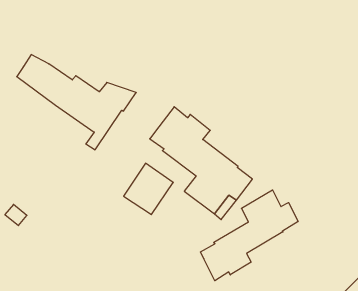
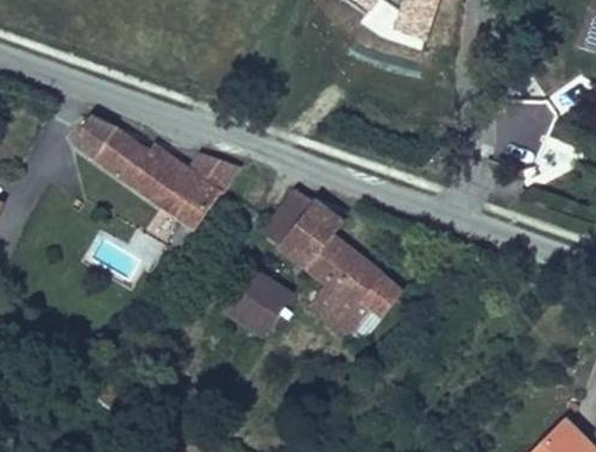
building: [200,190,298,281] -> none

